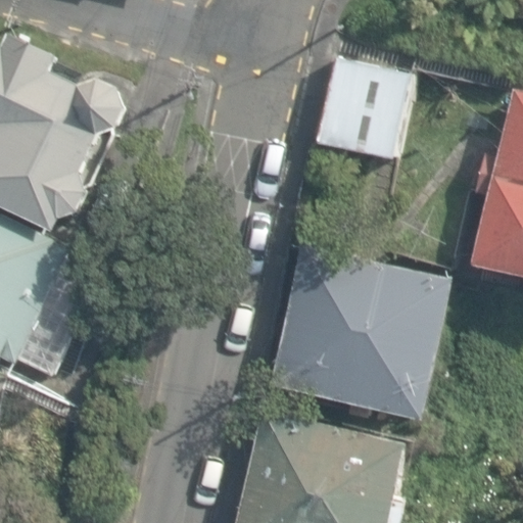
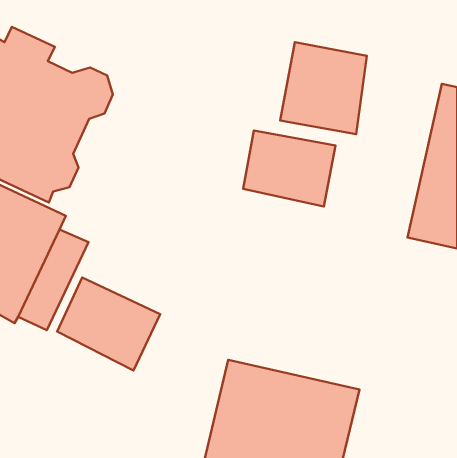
building: none -> [243,130,336,206]
building: [274,264,449,417] -> none
building: none -> [57,278,160,370]

